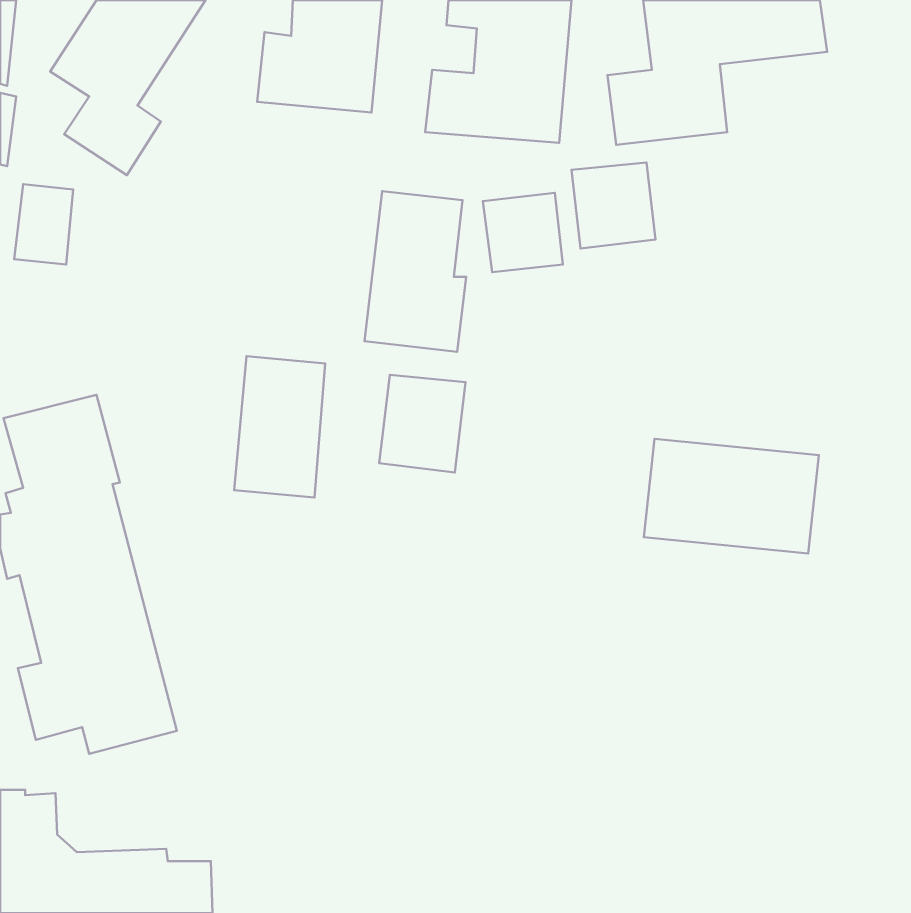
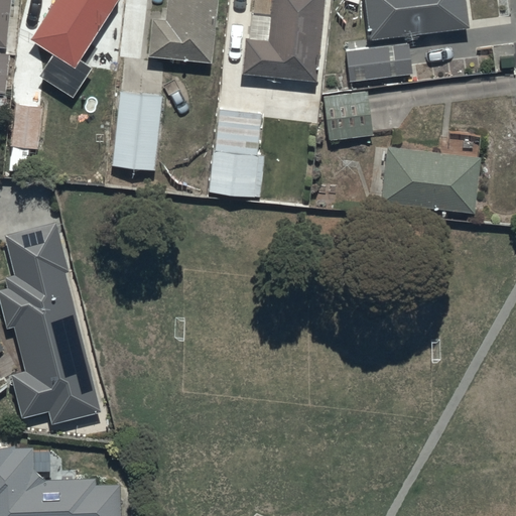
building: [483,193,563,272] -> none
building: [234,356,325,497] -> [110,91,161,170]
building: [379,375,465,473] -> none
building: [644,439,819,553] -> [381,148,480,213]

